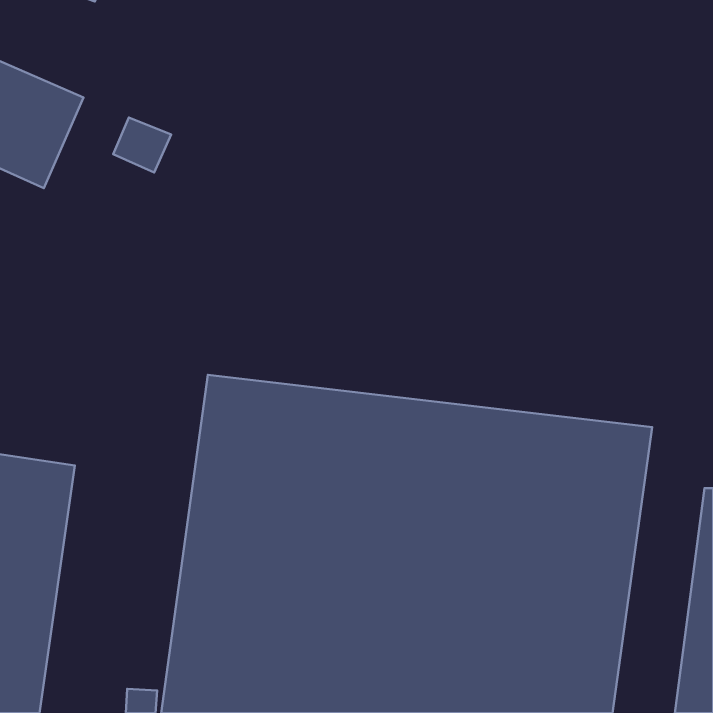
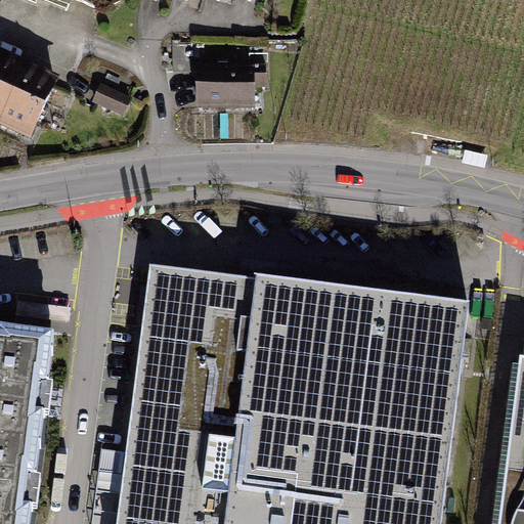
building: none -> [192,58,260,104]

